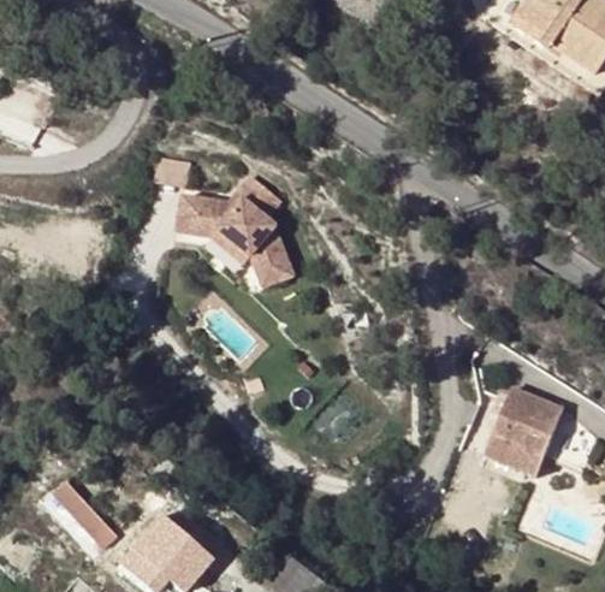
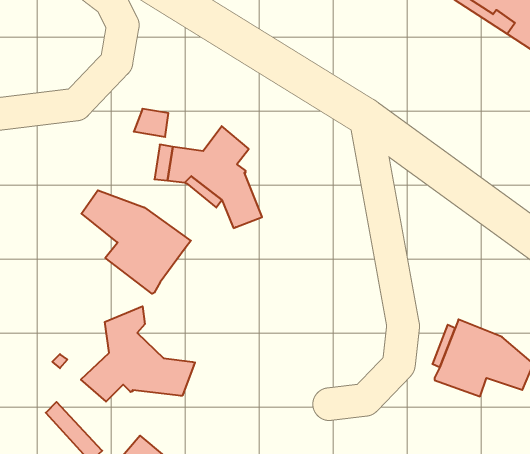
building: none -> [81,190,191,294]
building: none -> [81,306,195,402]

